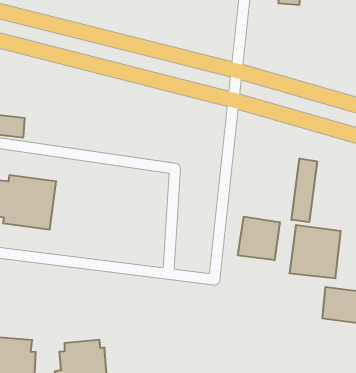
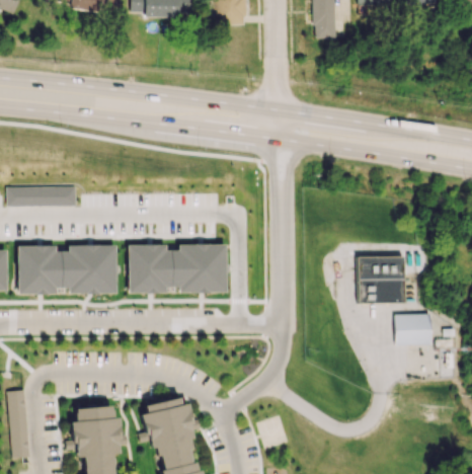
building: [291,158,317,222] -> none
building: none -> [129,243,227,293]
building: [238,217,280,260] -> none

